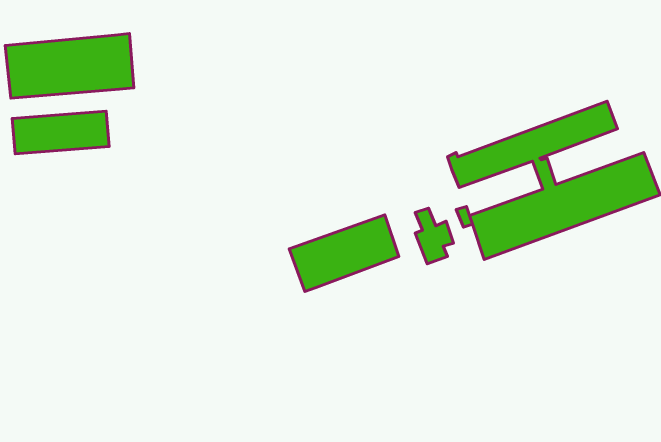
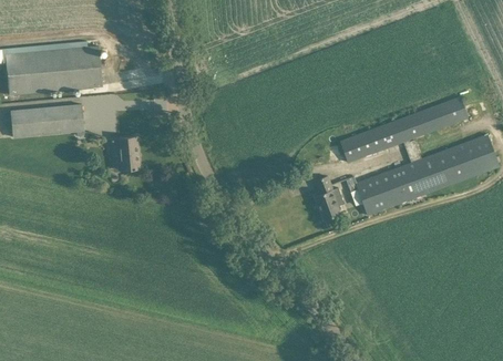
building: none -> [111,136,140,171]
building: [289,215,399,291] -> none

